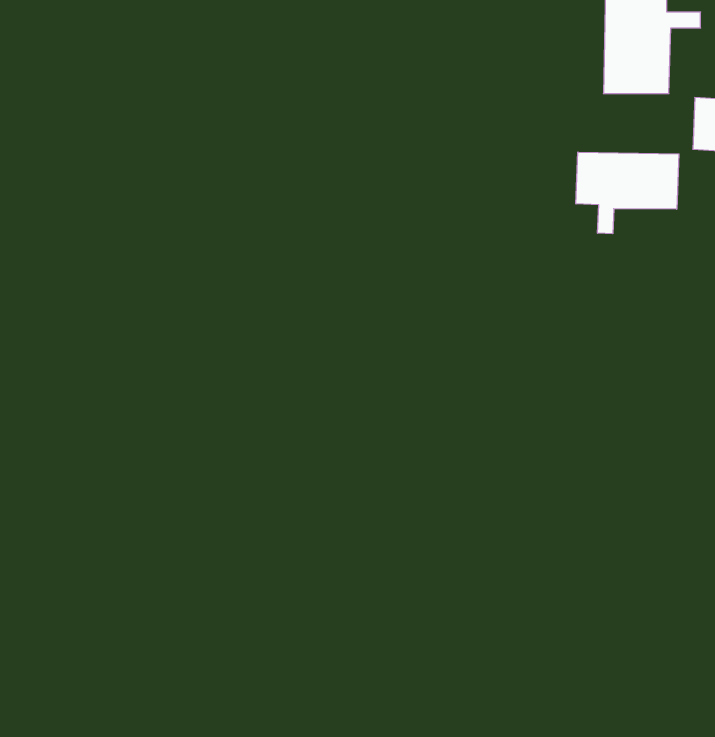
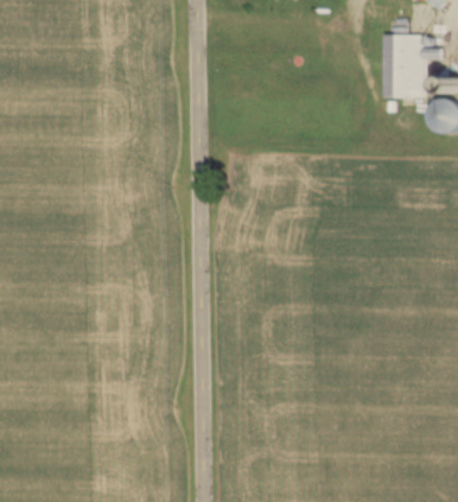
building: [576,152,679,234] -> none

